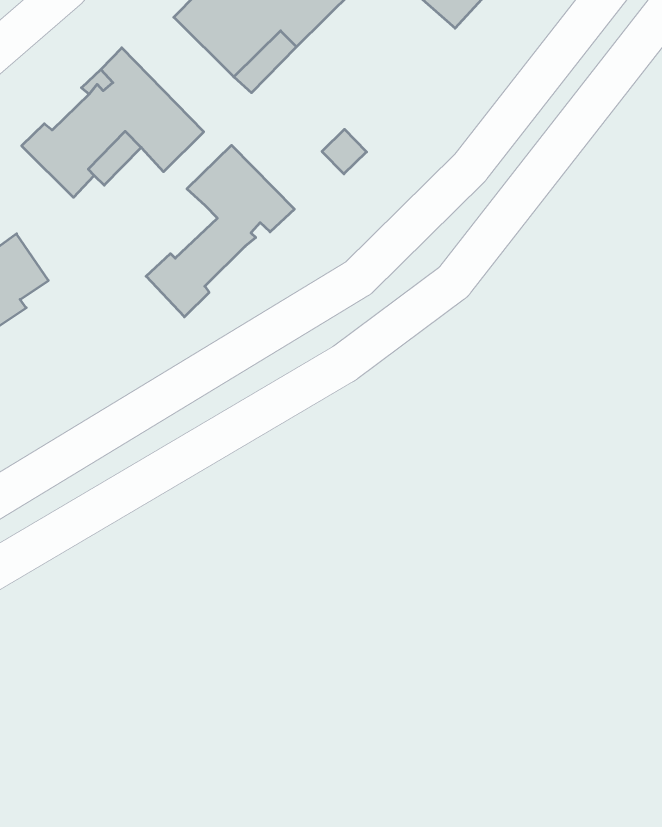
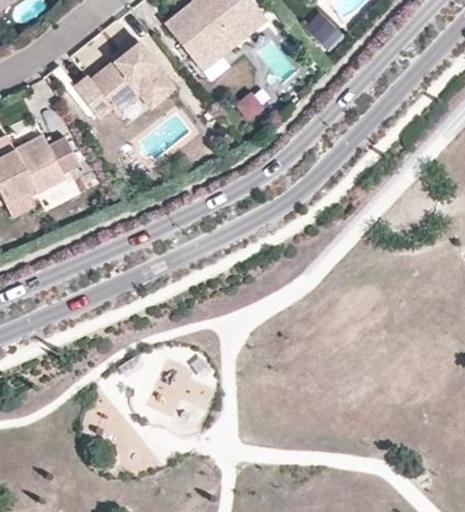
building: [146,145,294,317] -> none

